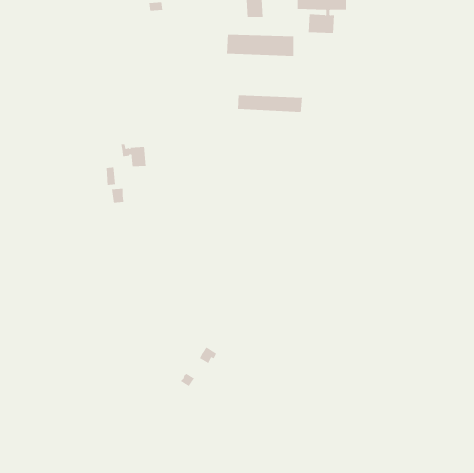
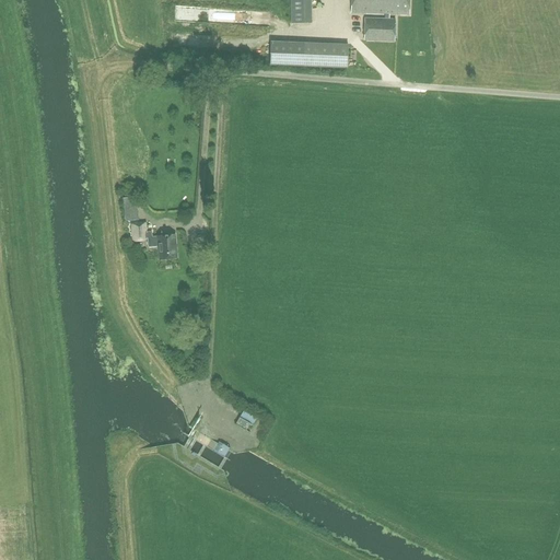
building: [238,95,302,113] -> none
building: [121,144,147,167] -> [145,231,176,258]

